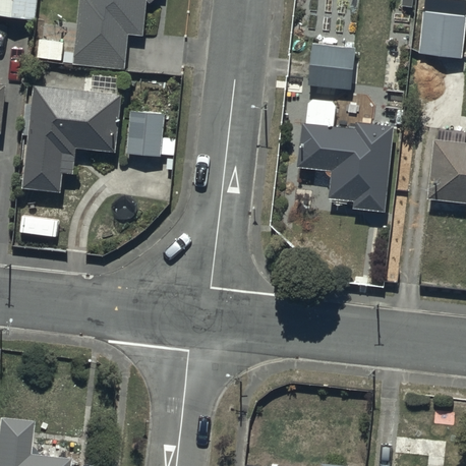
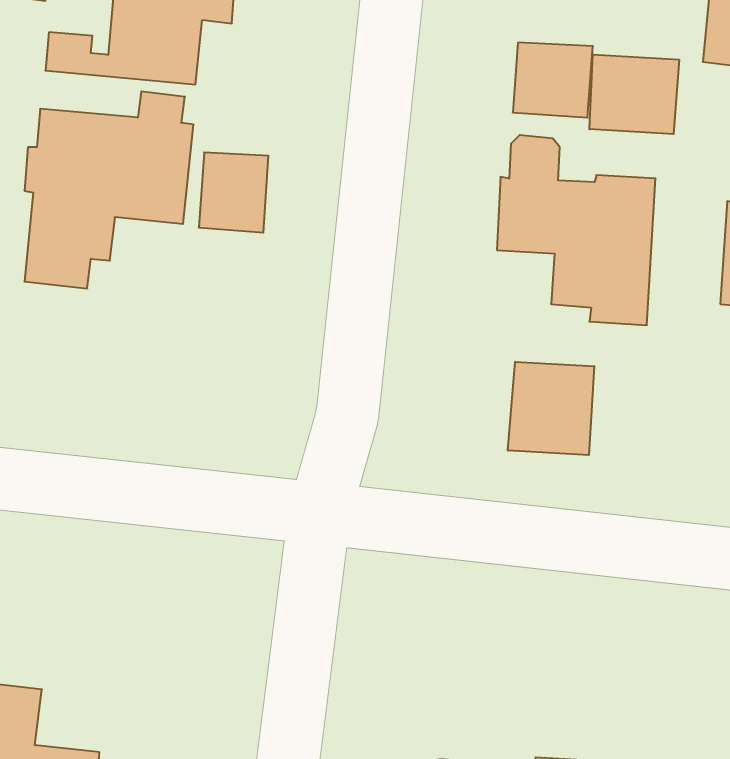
building: none -> [589,54,679,134]
building: none -> [508,362,594,455]

